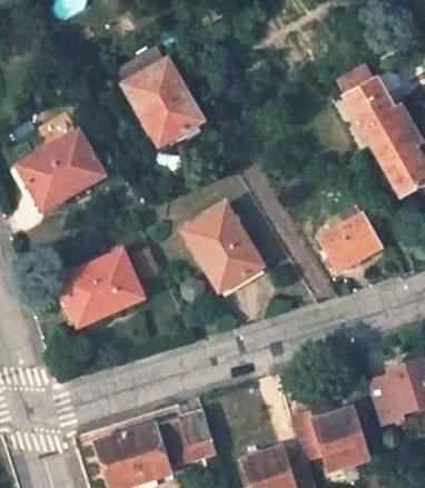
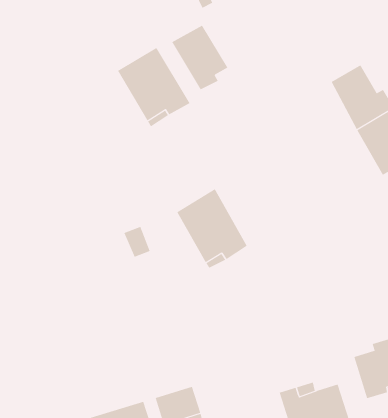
building: none -> [171,25,228,90]
building: [20,133,101,208] -> none
building: [320,213,382,268] -> none
building: [59,252,141,325] -> none

